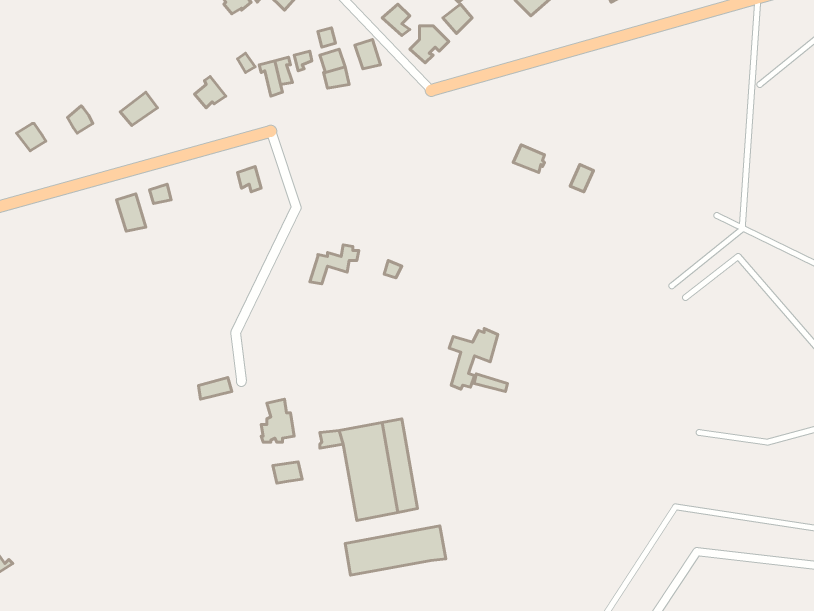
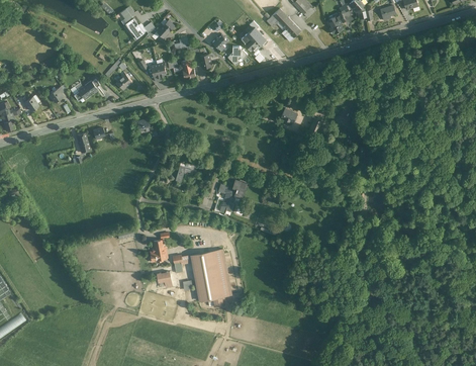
building: [449,329,498,389] -> [219,180,245,211]
building: [345,526,446,575] -> none

